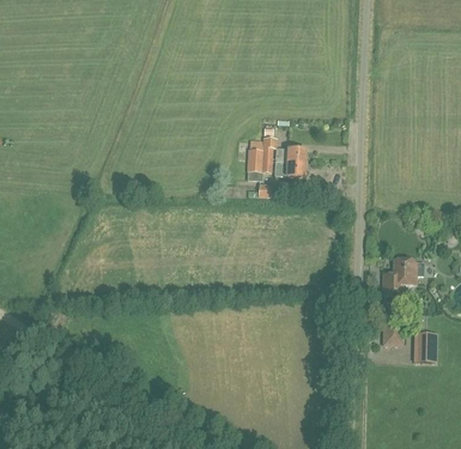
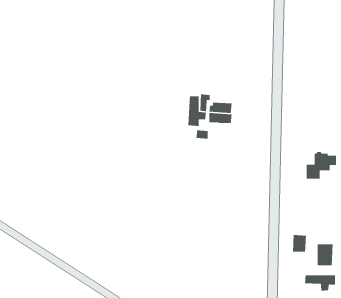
building: [383,256,424,293] -> [306,151,337,179]
building: none -> [304,275,336,291]

